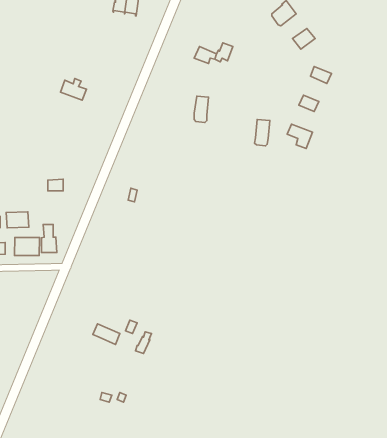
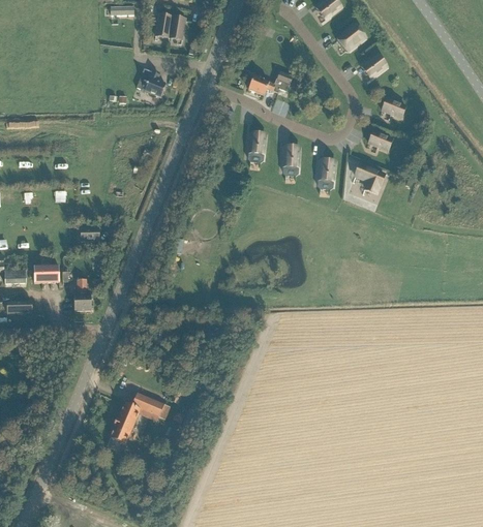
building: [60,78,87,100] -> [135,72,165,97]
building: none -> [283,146,299,176]
building: [14,237,39,255] -> none
building: none -> [111,402,140,442]

